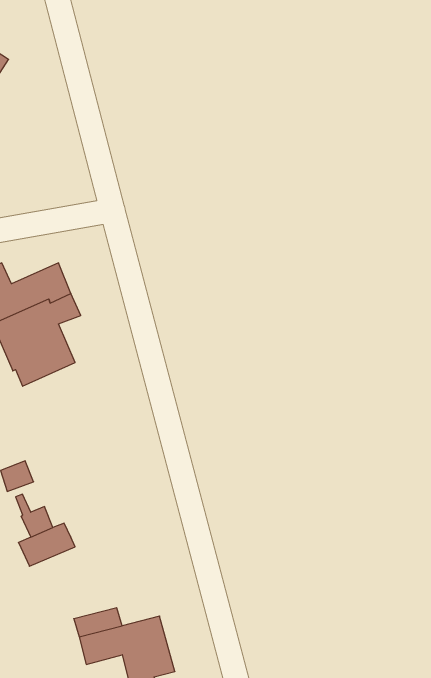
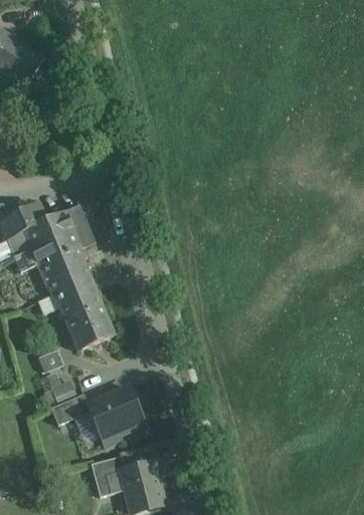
building: none -> [53,278,116,351]
building: none -> [88,387,142,438]

